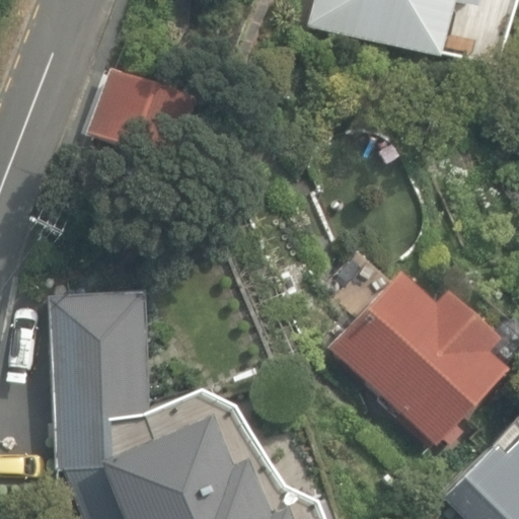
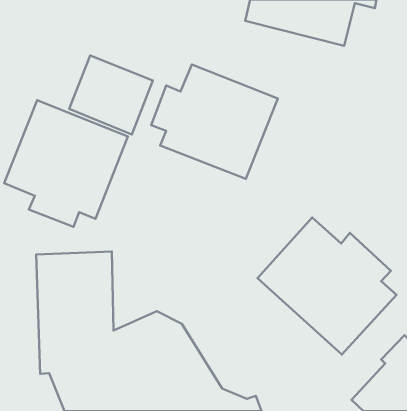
building: none -> [151,64,278,179]
building: none -> [4,100,128,227]

